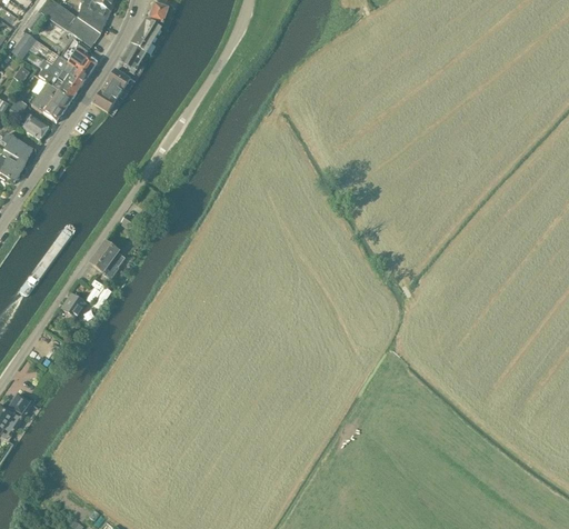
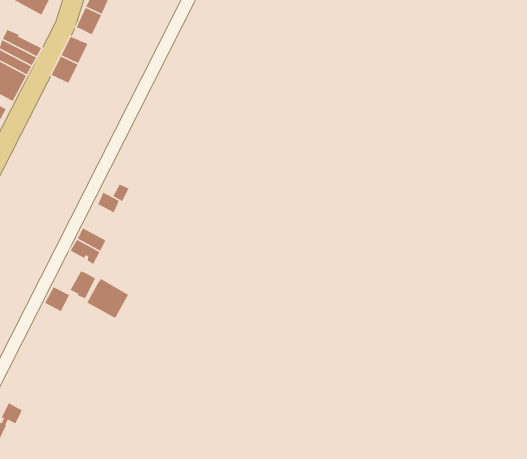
building: [68,42,97,76] -> none
building: none -> [86,278,129,319]

